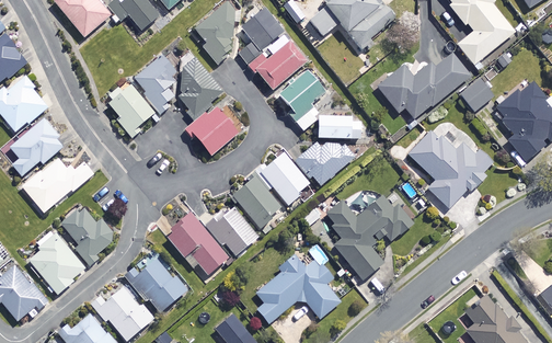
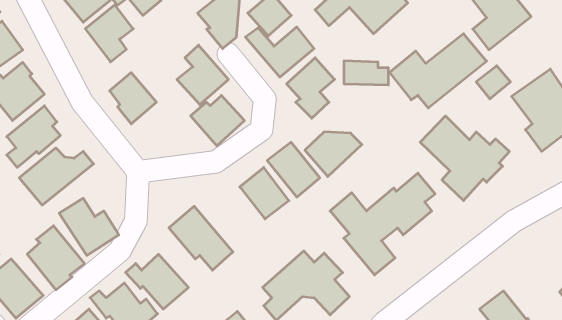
building: [134,54,180,108] -> [85,5,133,62]
building: [318,114,360,137] -> [344,61,388,85]
building: [206,208,257,255] -> none

